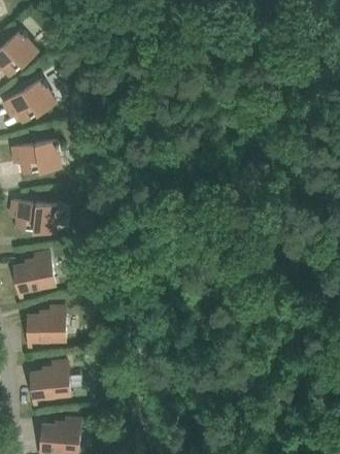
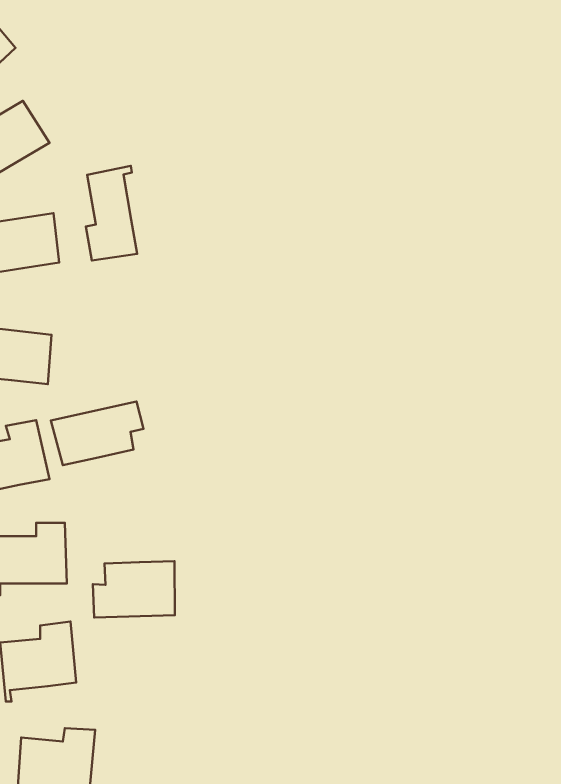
building: none -> [86,166,137,261]
building: none -> [51,401,143,465]
building: none -> [93,561,175,618]

